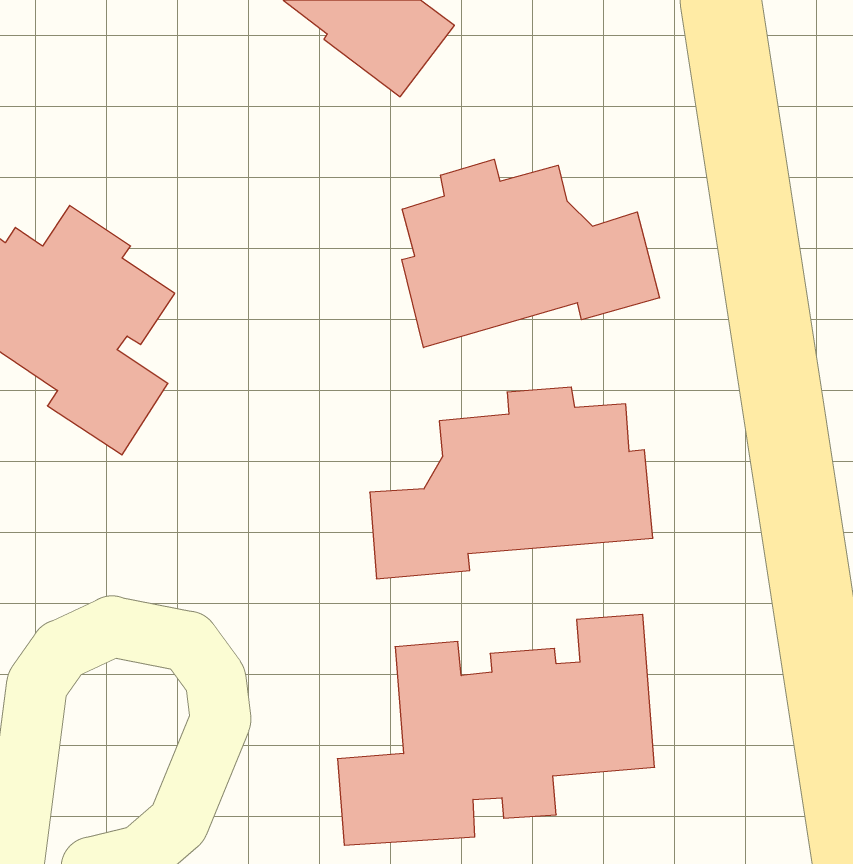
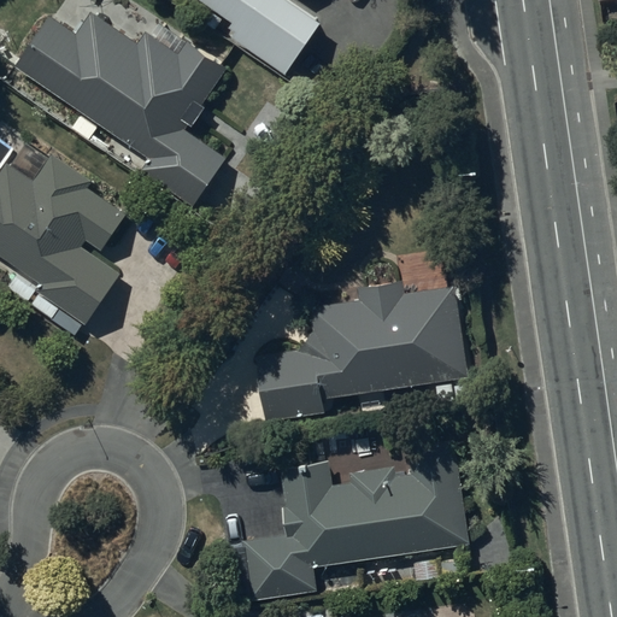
building: none -> [10,13,228,204]
building: [402,159,660,348] -> none

